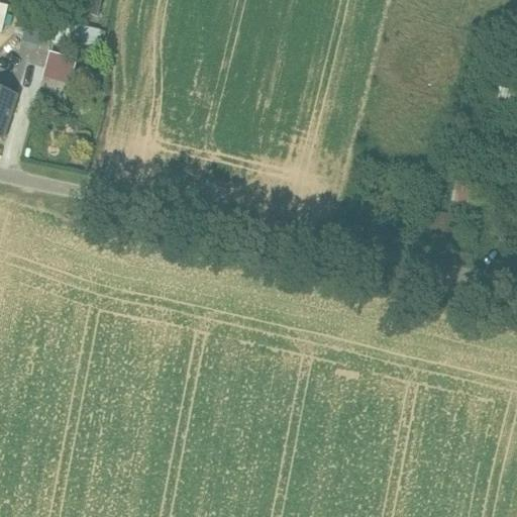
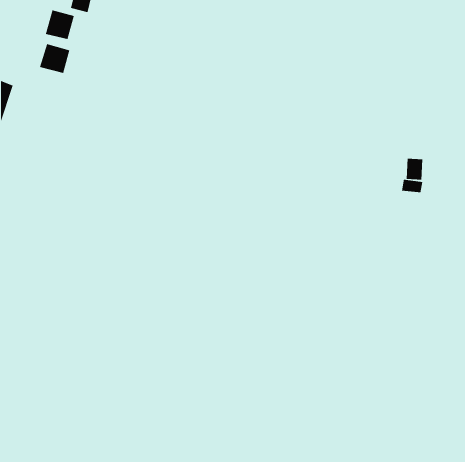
building: none -> [45,10,74,40]

